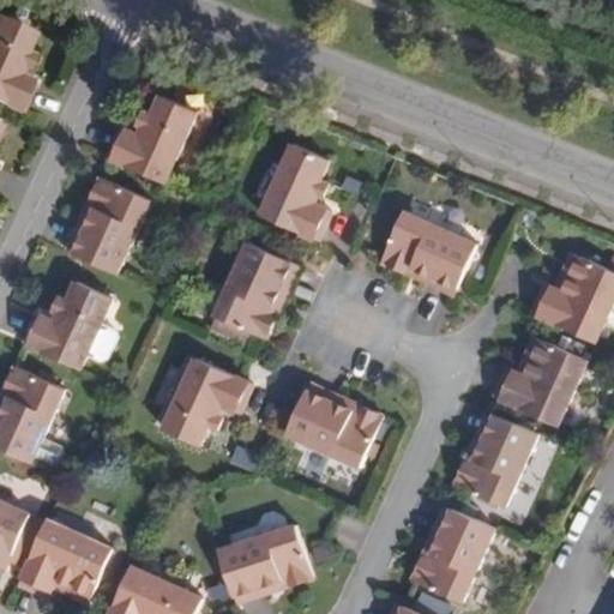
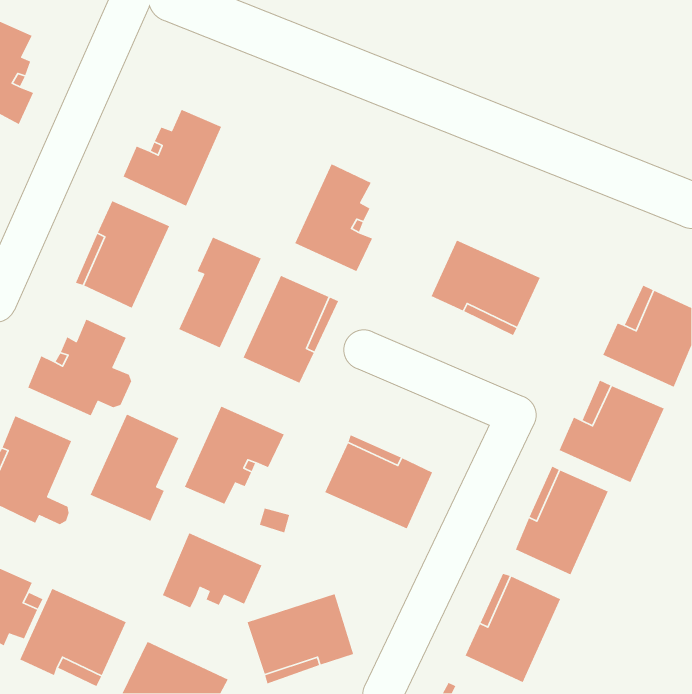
building: none -> [178,236,262,349]
building: none -> [90,414,179,522]
building: none -> [162,532,263,609]

